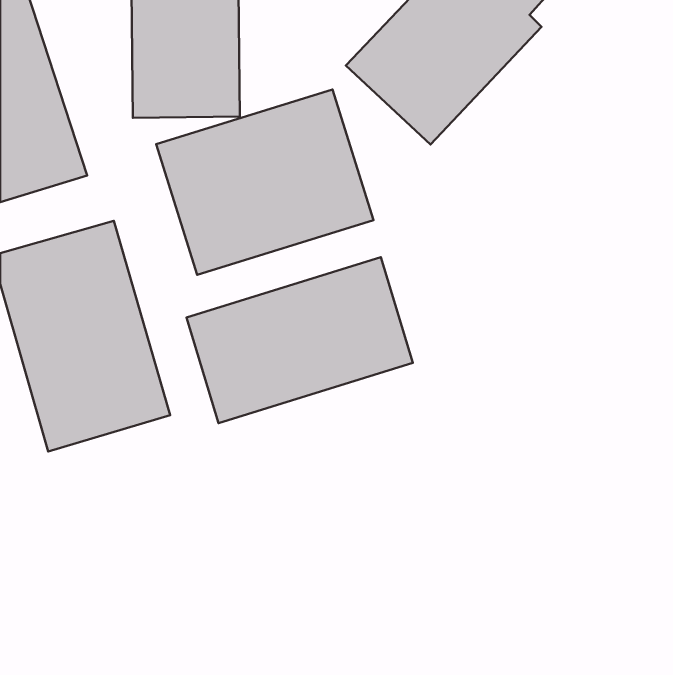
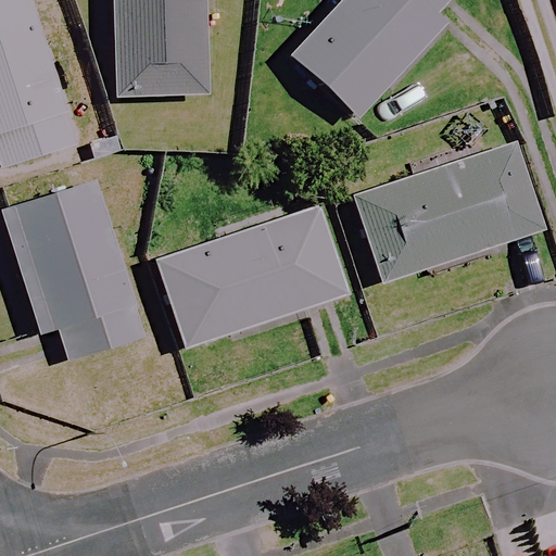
building: [156,90,374,275] -> none
building: none -> [353,141,543,281]

